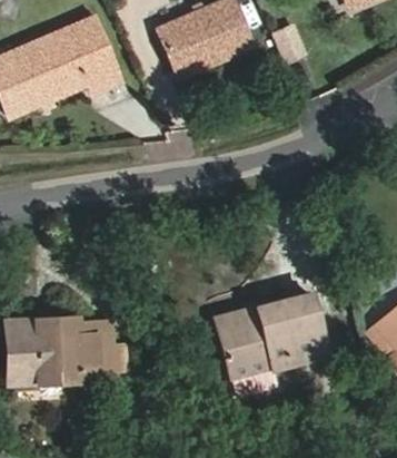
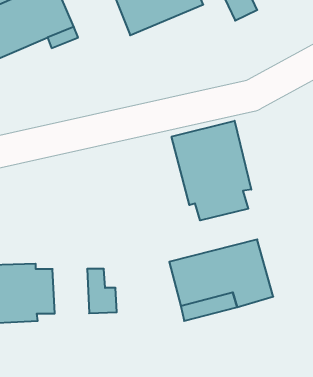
building: none -> [172,121,251,220]
building: [93,325,125,372] -> [87,269,117,313]

